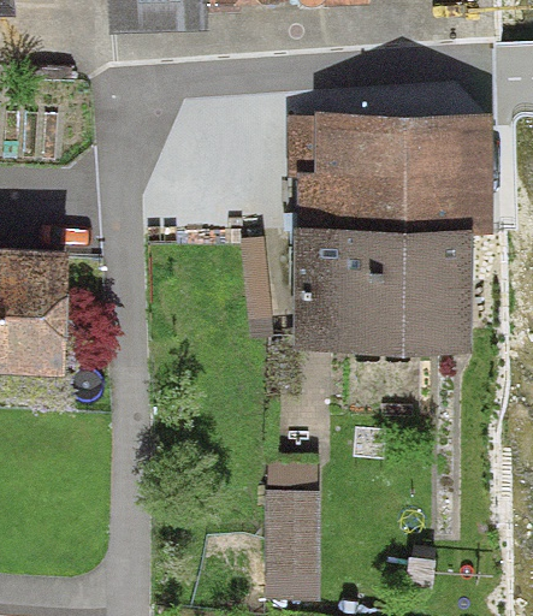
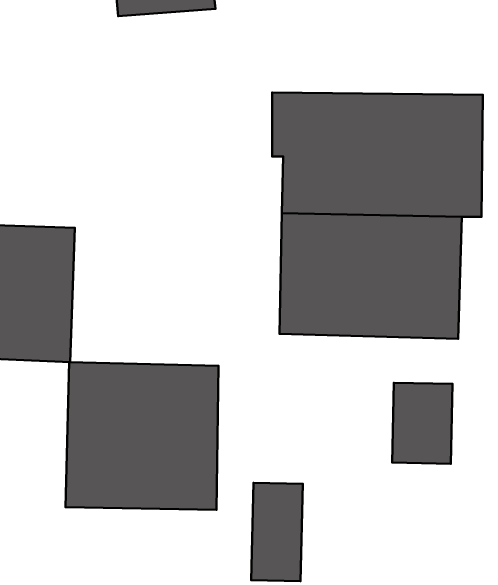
building: none -> [65,362,219,510]
building: none -> [392,383,452,464]

